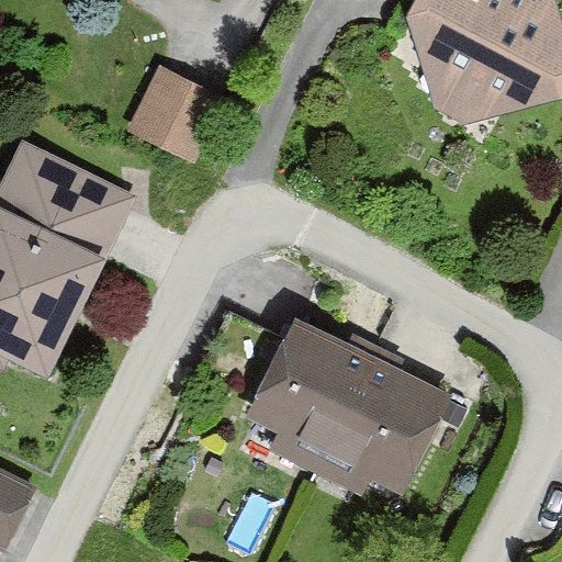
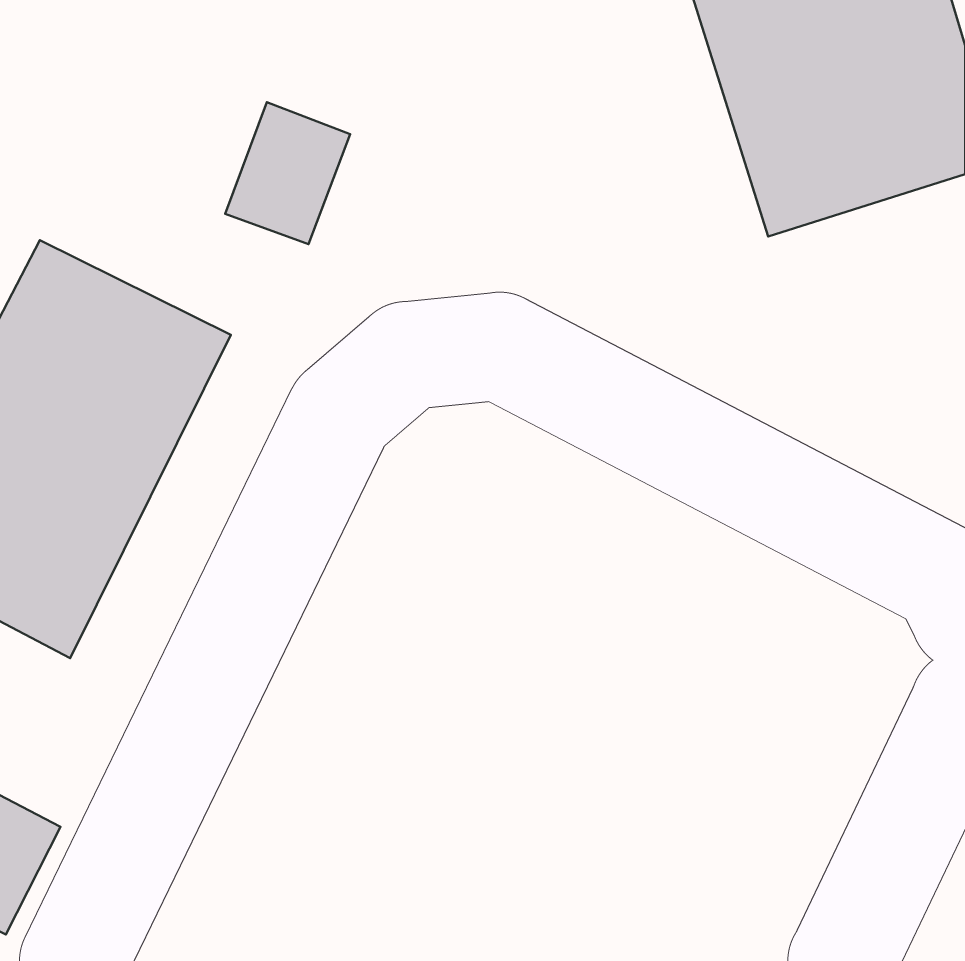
building: [249,322,456,498] -> none

